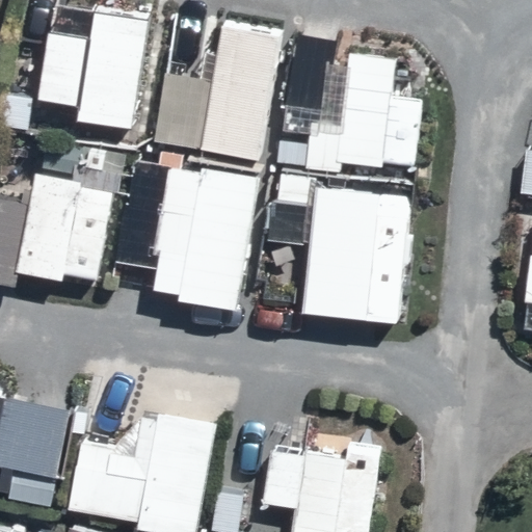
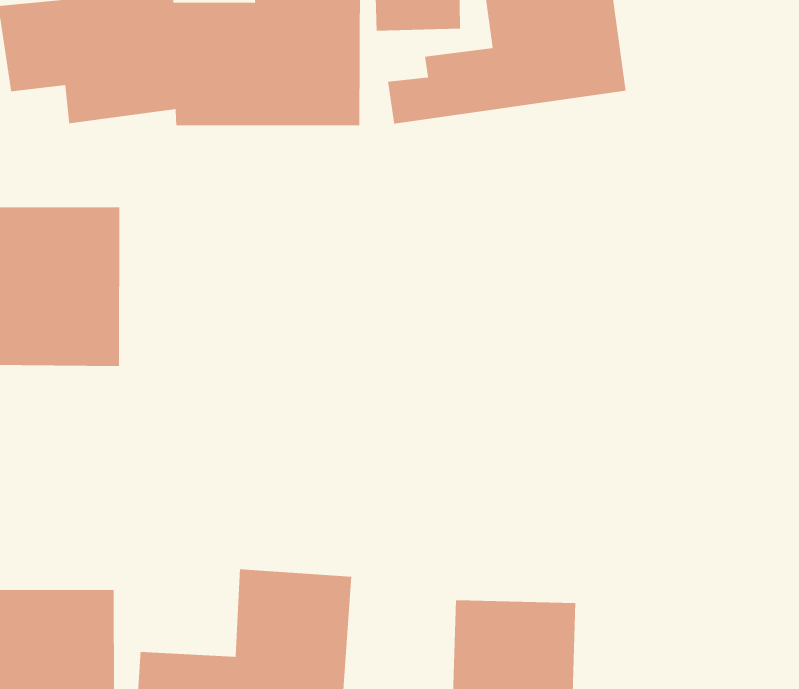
building: [124,160,254,310] -> none
building: [302,184,413,326] -> none

